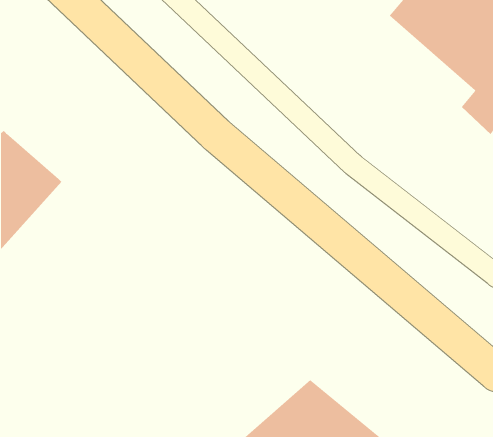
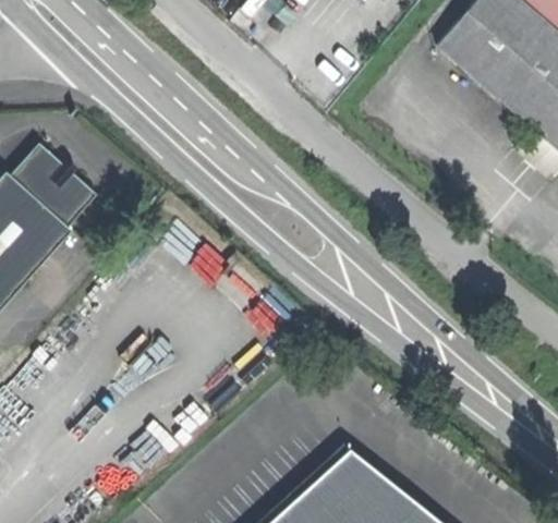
building: none -> [8,144,95,228]

